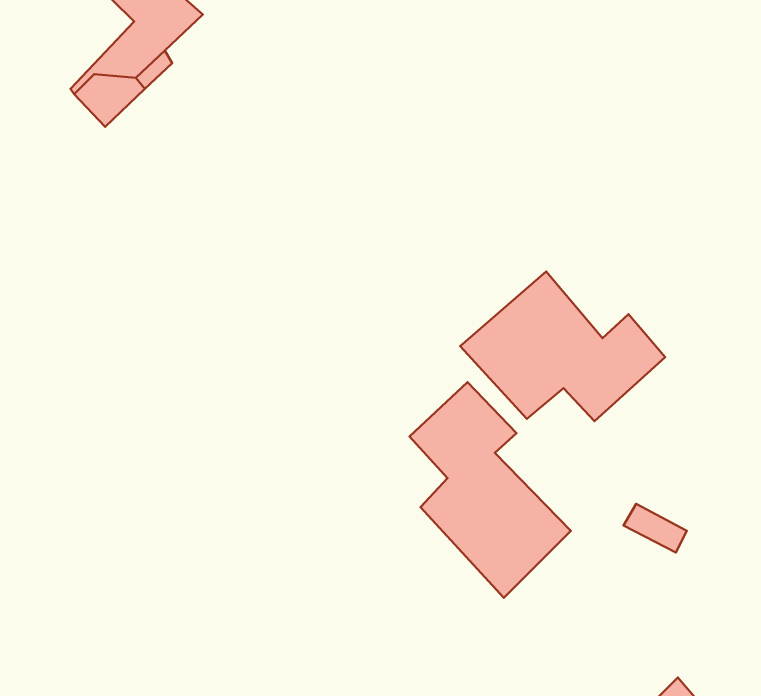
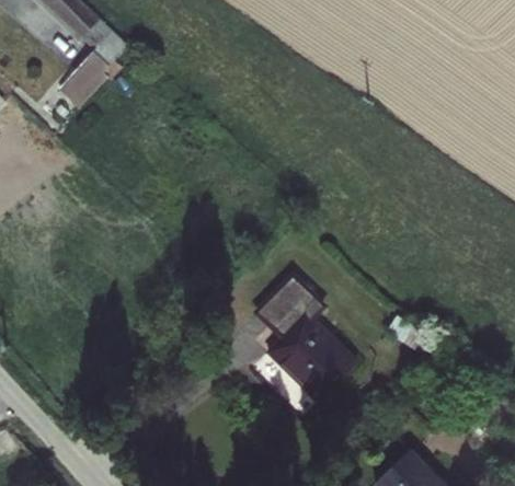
building: [460,271,665,421] -> none

